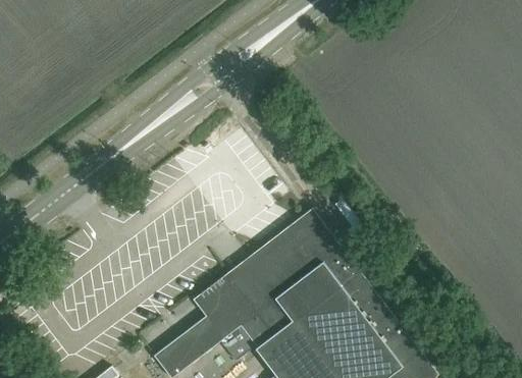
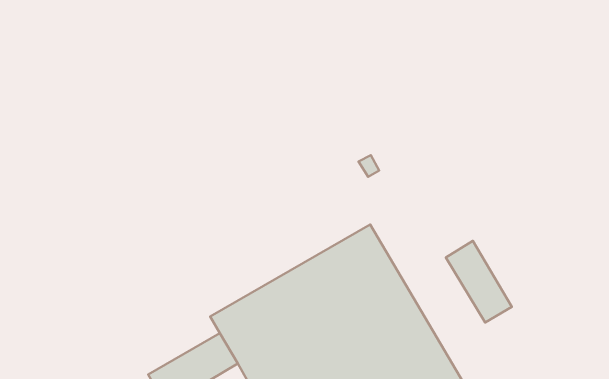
building: none -> [446,241,512,322]

